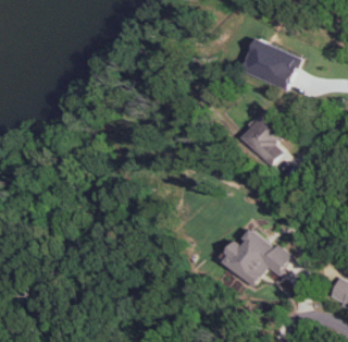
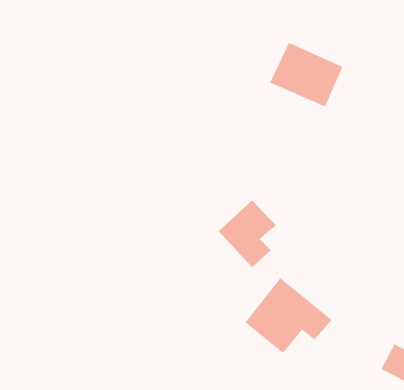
building: [239,112,286,167] -> [218,200,277,268]

